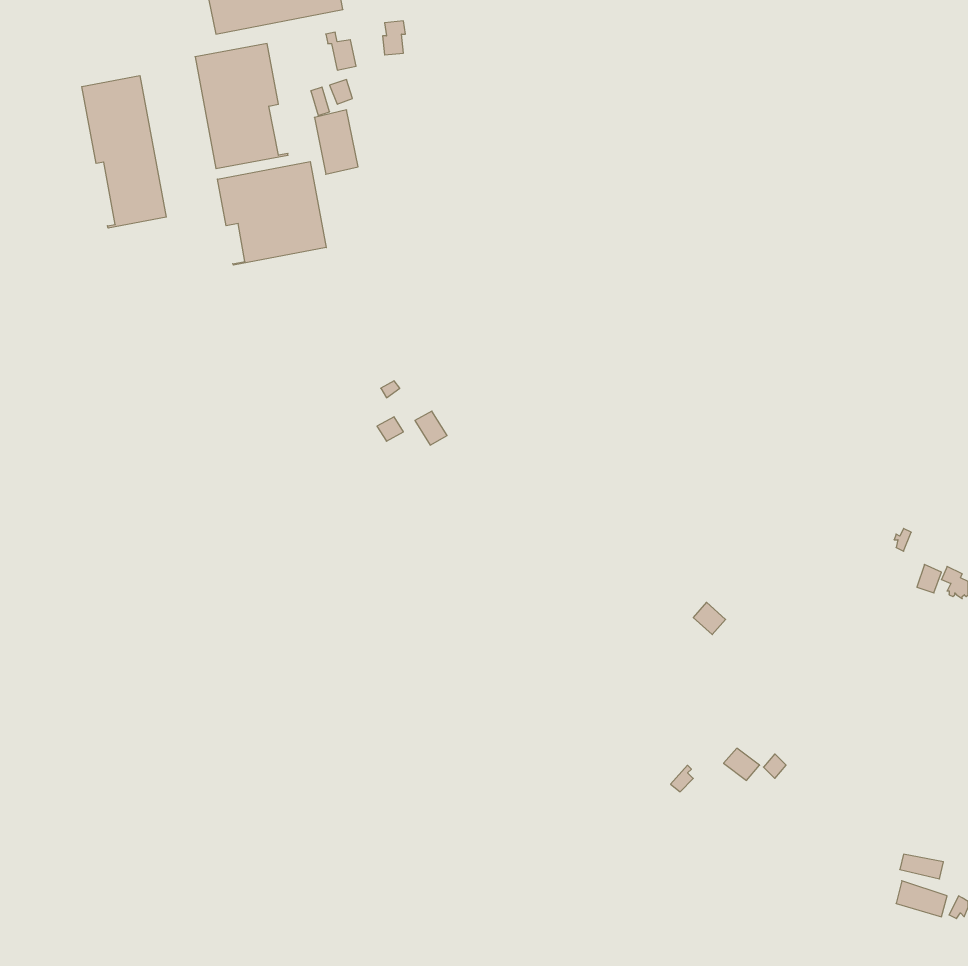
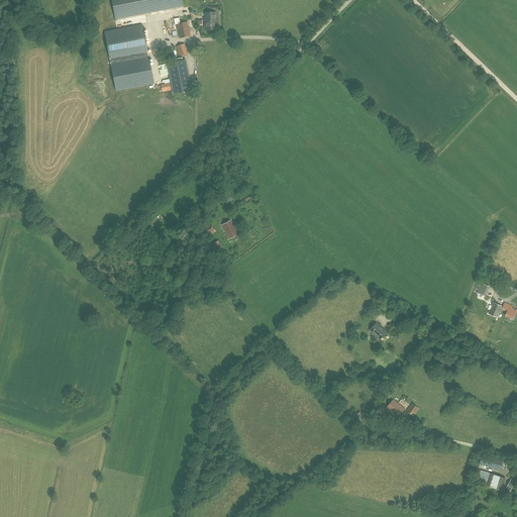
building: [82,76,166,228] -> none
building: [217,162,326,265] -> none

